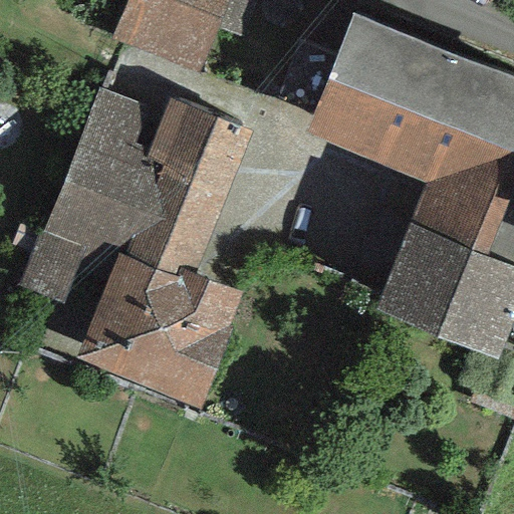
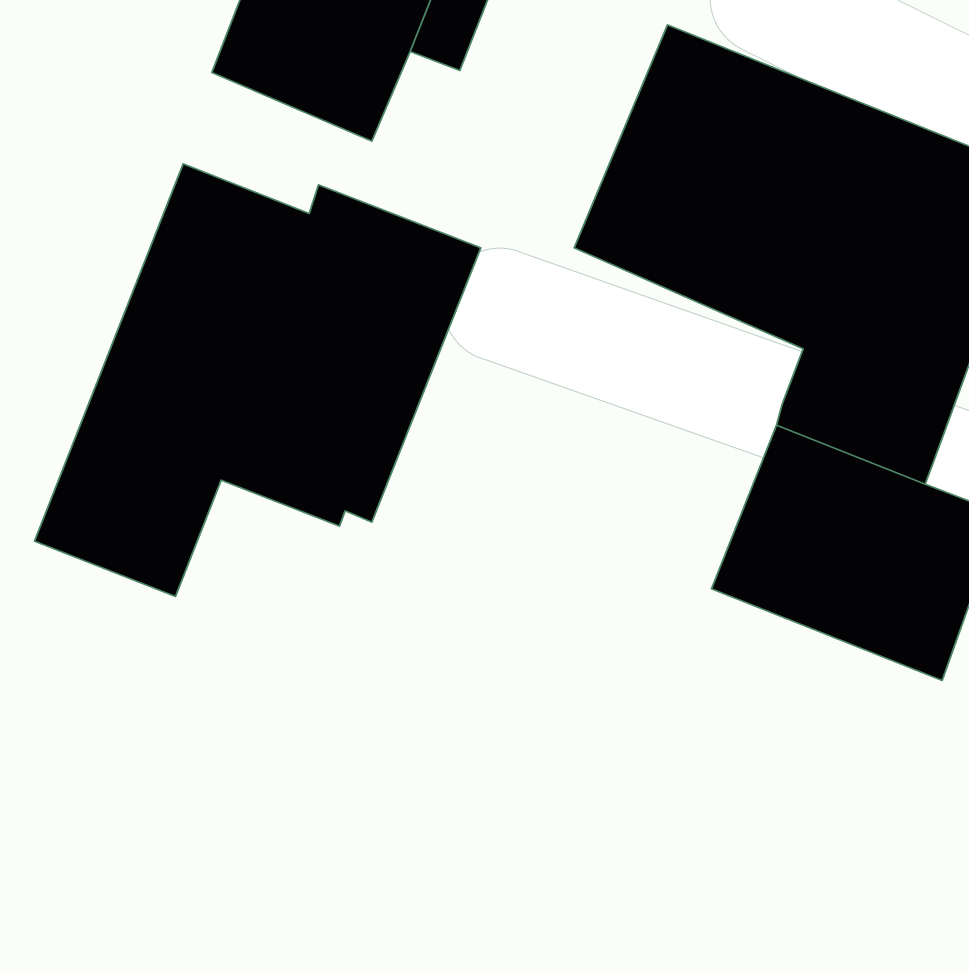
building: [77,253,246,408] -> none

